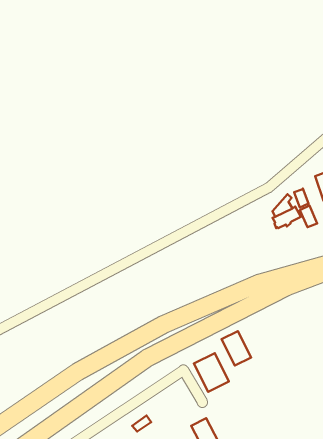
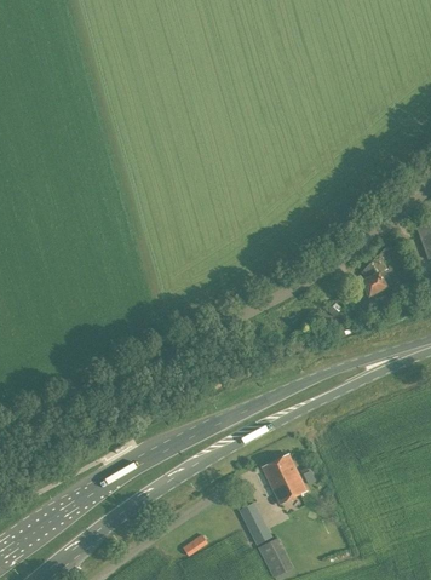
building: [222,331,251,366] -> none
building: none -> [239,501,272,544]

